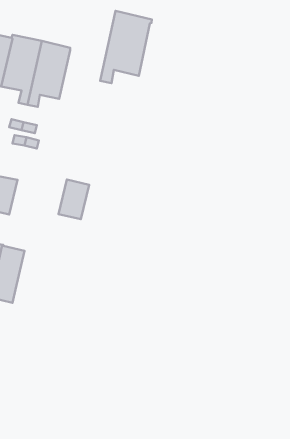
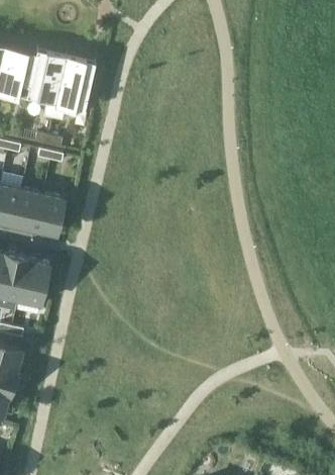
building: [100,11,152,83] -> none
building: [59,180,89,219] -> [34,194,65,233]

